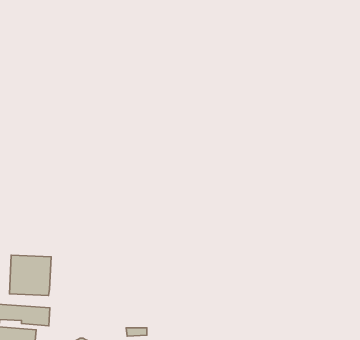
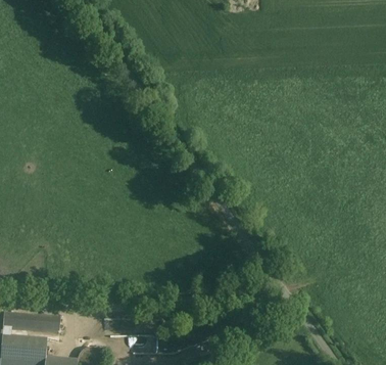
building: [10,255,51,295] -> none

